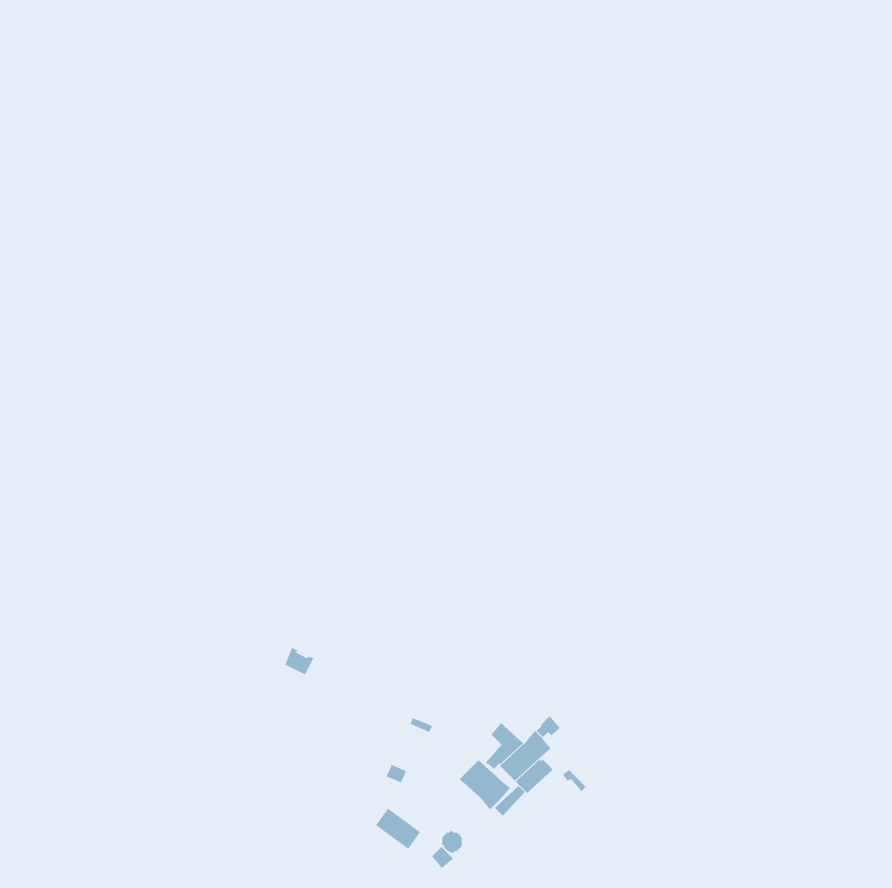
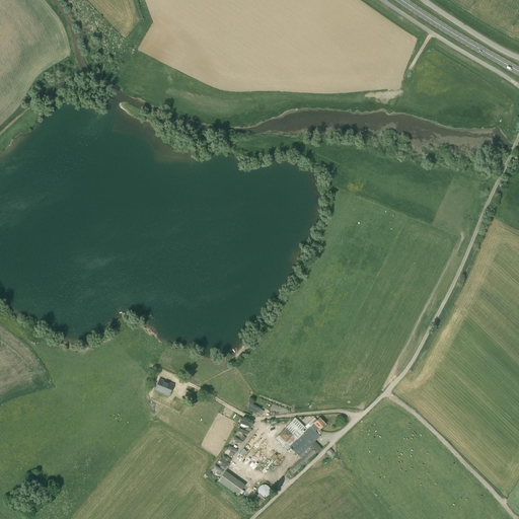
building: [459,760,511,809] -> none

